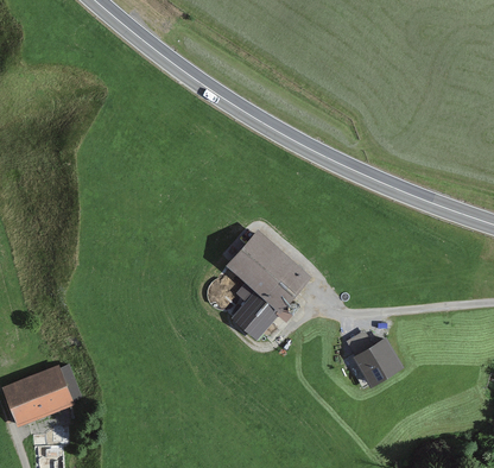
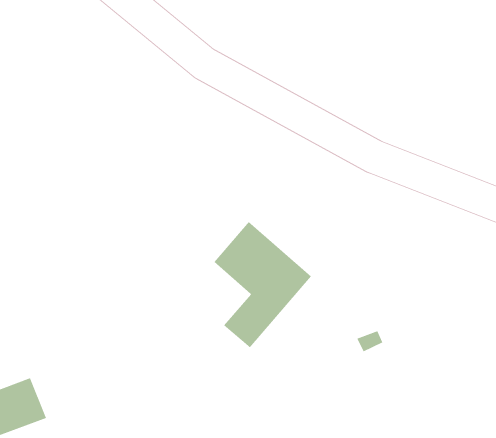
building: [357,335,407,381] -> none

